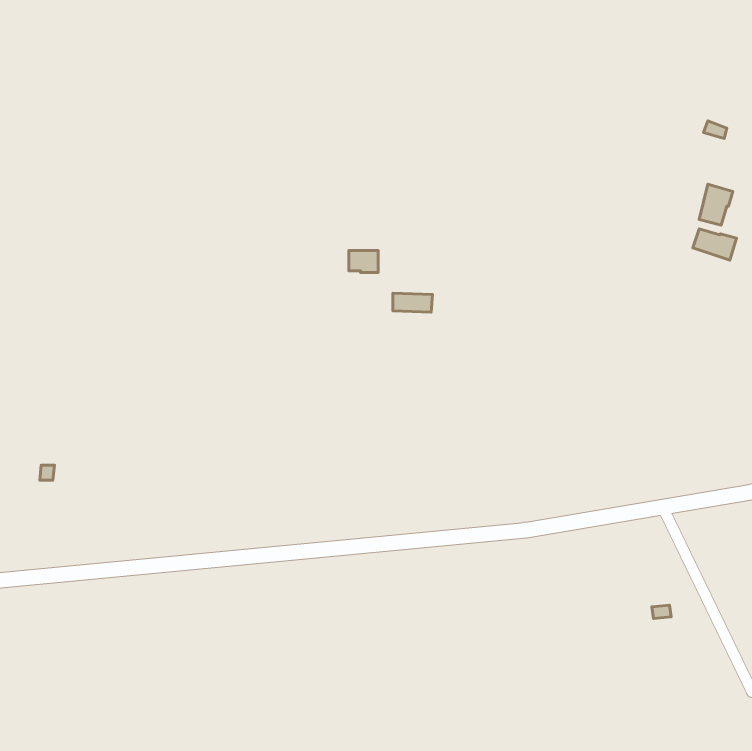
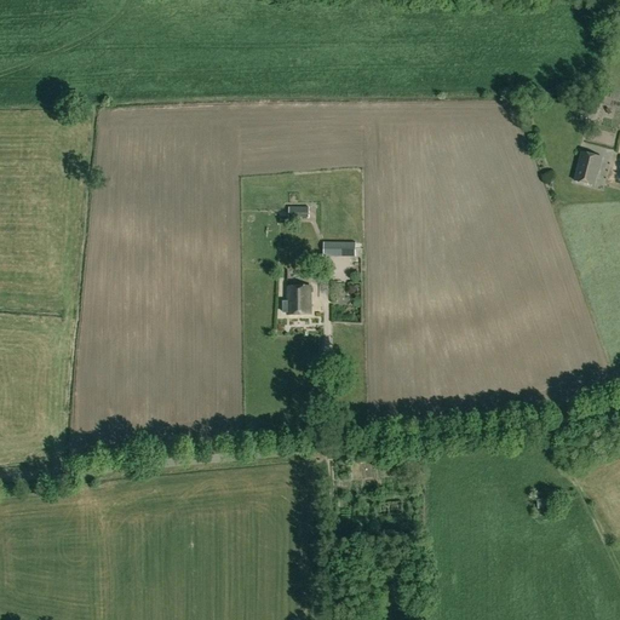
building: [693,229,736,260] -> none
building: none -> [286,286,311,314]

